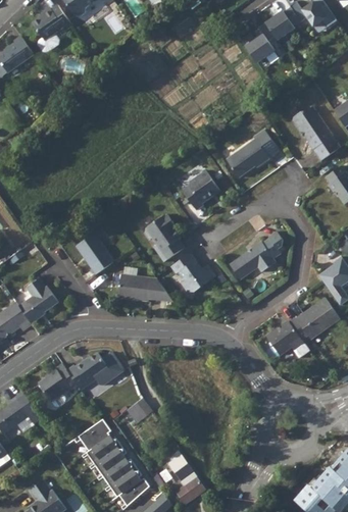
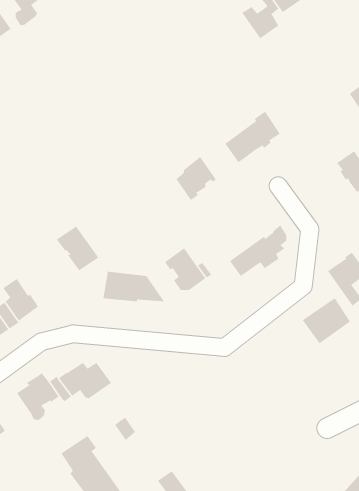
building: [292,106,340,159] -> none
building: [144,213,183,260] -> none
building: [265,316,309,357] -> none

